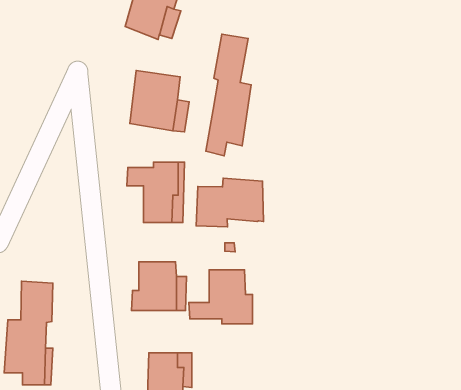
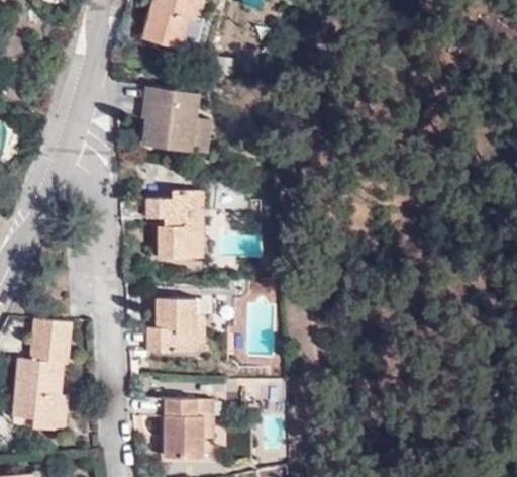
building: [206,34,251,156] -> none
building: [196,178,263,227] -> none
building: [189,270,252,324] -> none

